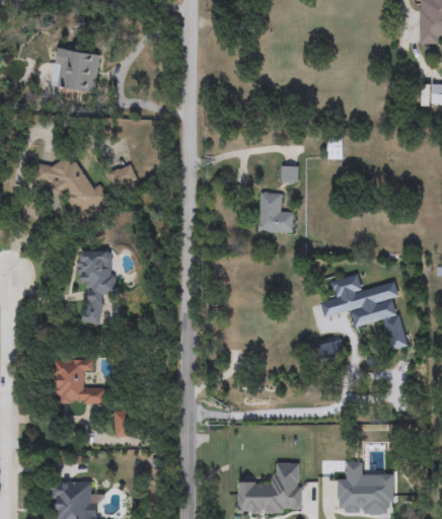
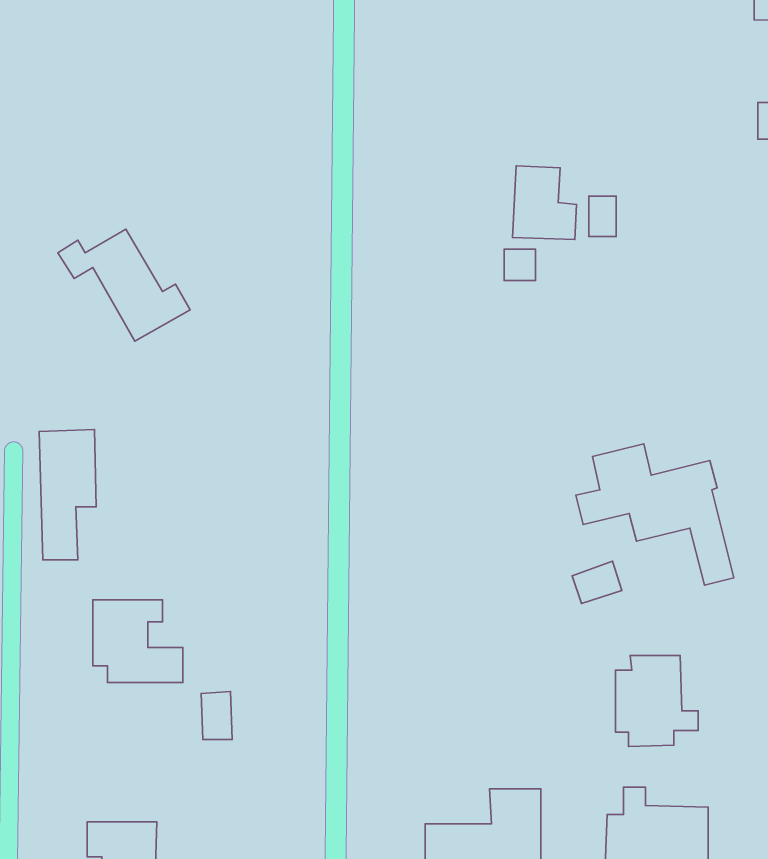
building: [52,48,100,92] -> none
building: [109,163,137,188] -> none
building: [257,192,293,232] -> [512,166,577,239]
building: [82,250,114,322] -> [39,430,96,560]
building: none -> [616,655,698,747]

